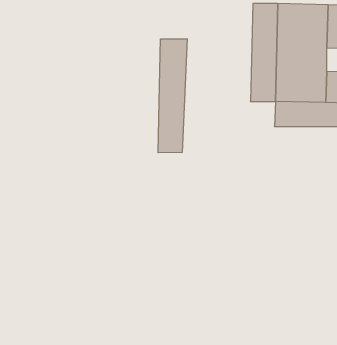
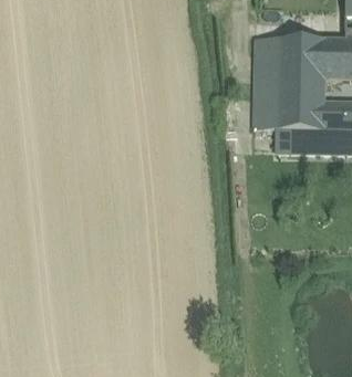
building: [158,39,187,153] -> none

